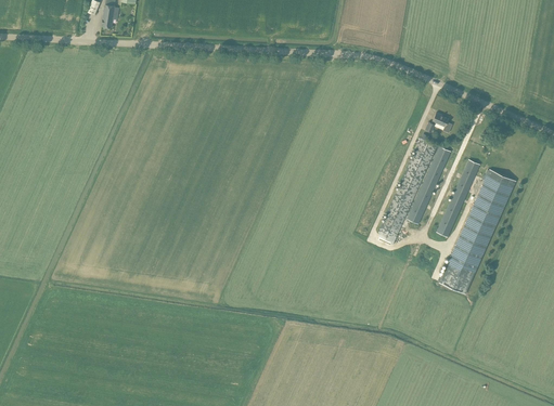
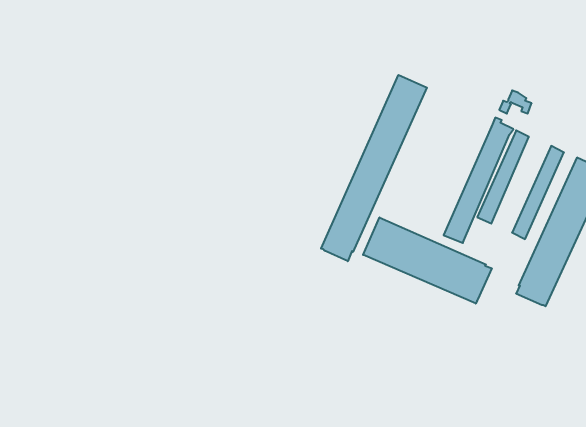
building: none -> [321,75,427,261]
building: none -> [363,217,492,304]

